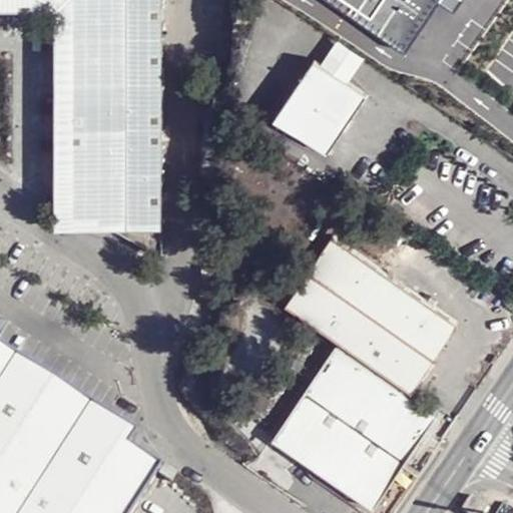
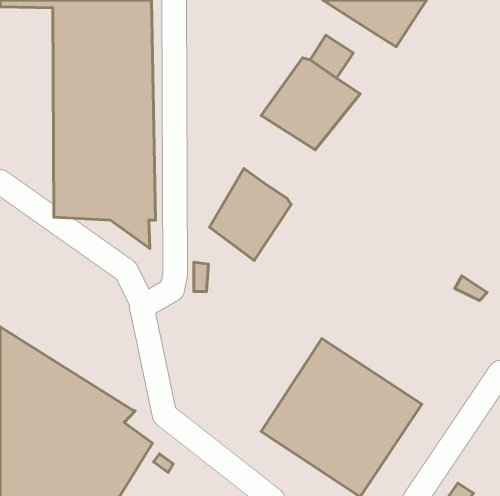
building: none -> [210,169,291,260]
building: [281,241,453,396] -> none

